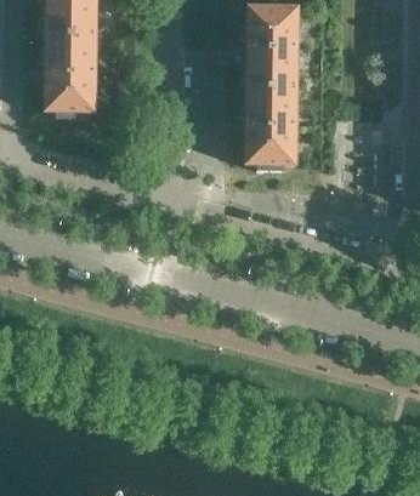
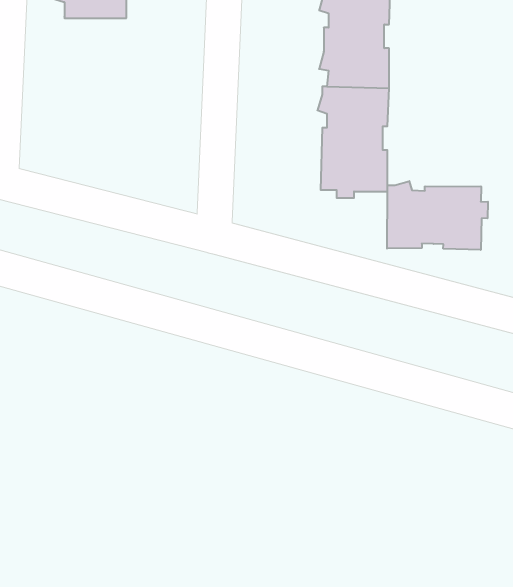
building: [42,28,97,113] -> none
building: none -> [387,181,488,250]

